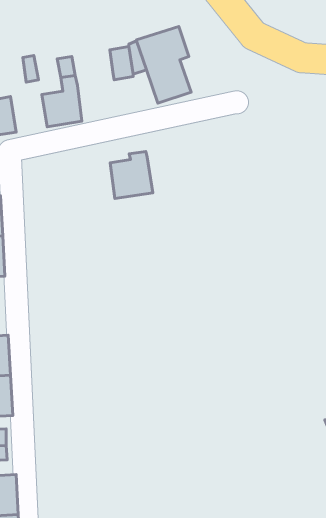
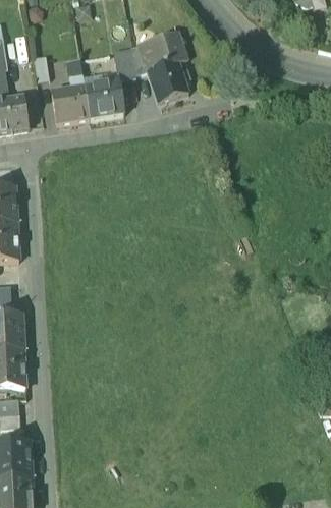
building: [110,152,153,198] -> [85,74,123,117]

